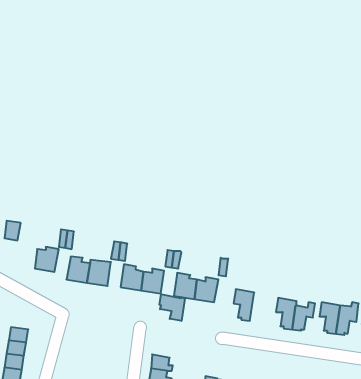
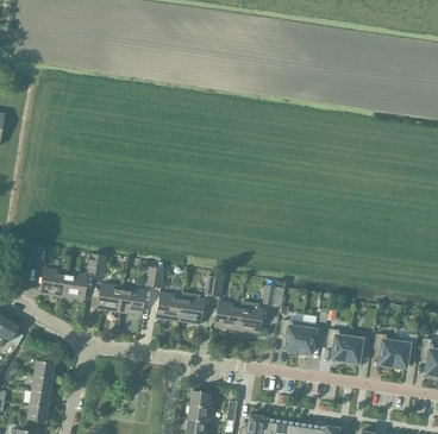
building: none -> [39,268,64,296]
building: none -> [298,322,323,356]
building: [159,294,185,321] -> none

